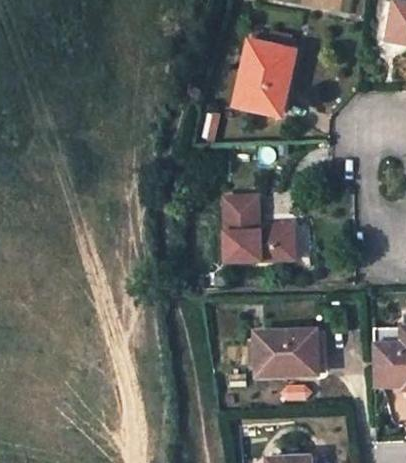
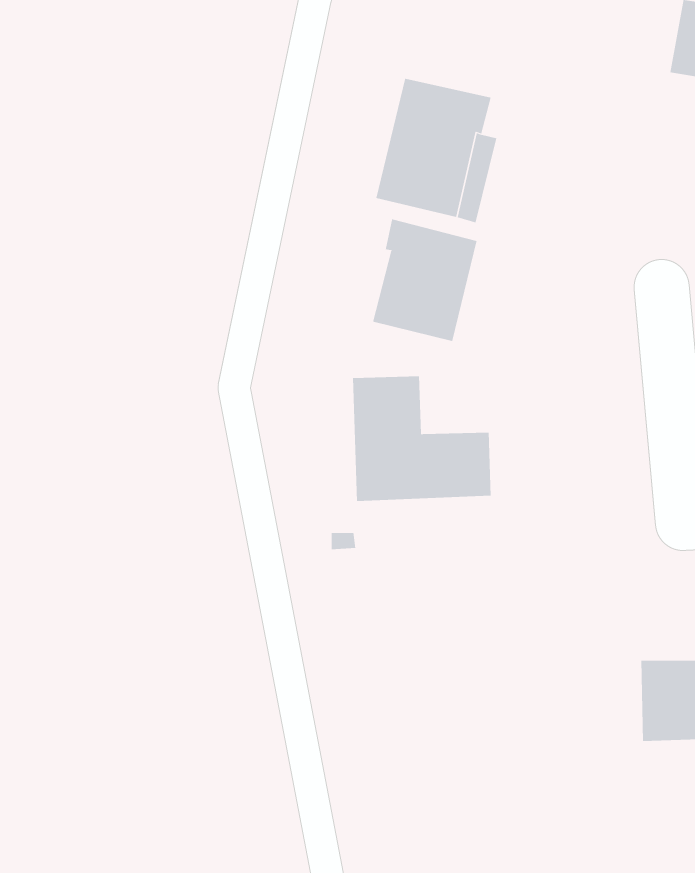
building: none -> [373,219,477,342]
building: [248,329,318,376] -> none

